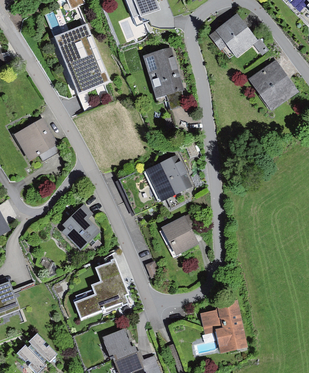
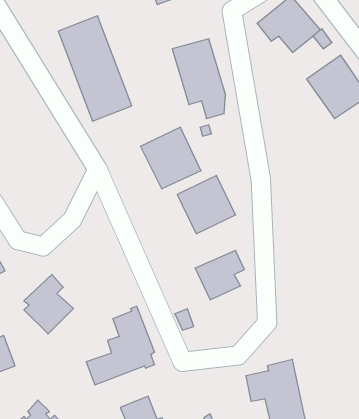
building: none -> [141,127,201,189]
building: [14,120,55,160] -> none
building: [61,204,100,251] -> [24,274,73,334]

